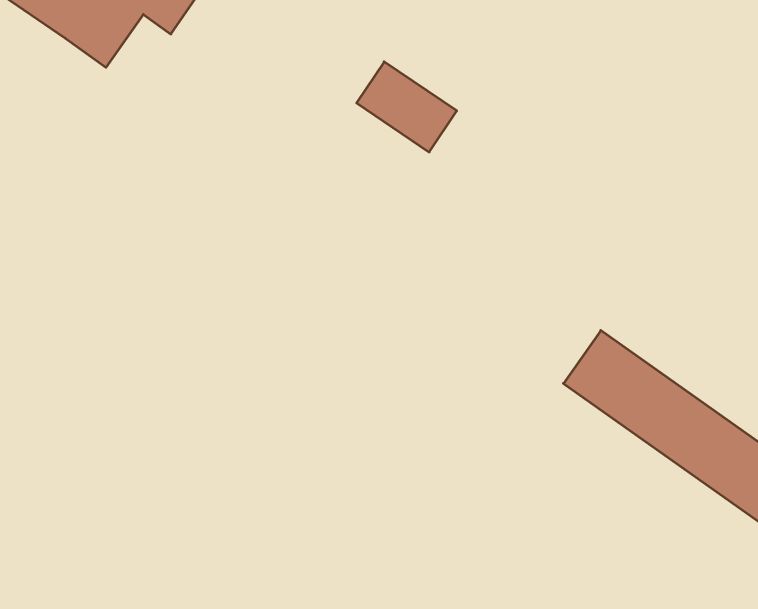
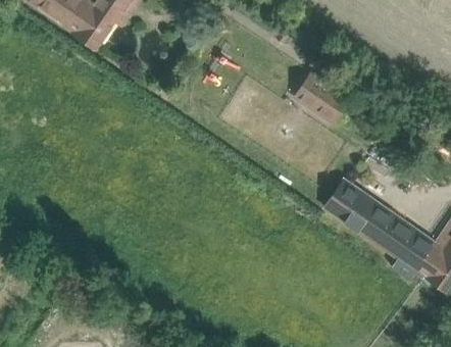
building: [357,62,457,152] -> [295,73,347,120]

